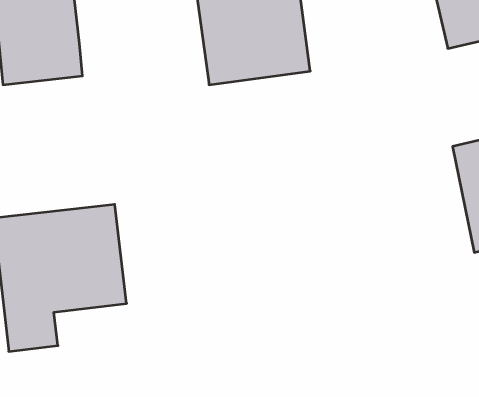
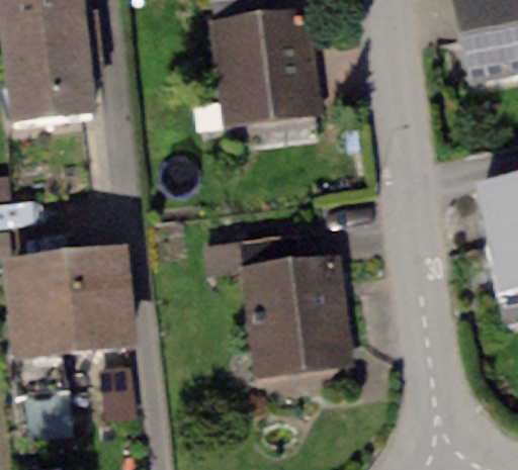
building: none -> [202,227,353,371]

